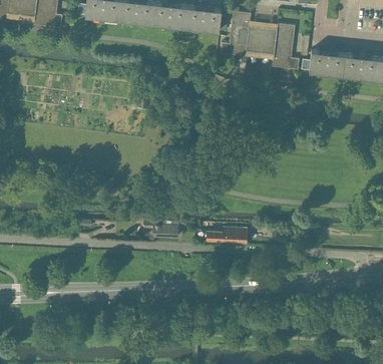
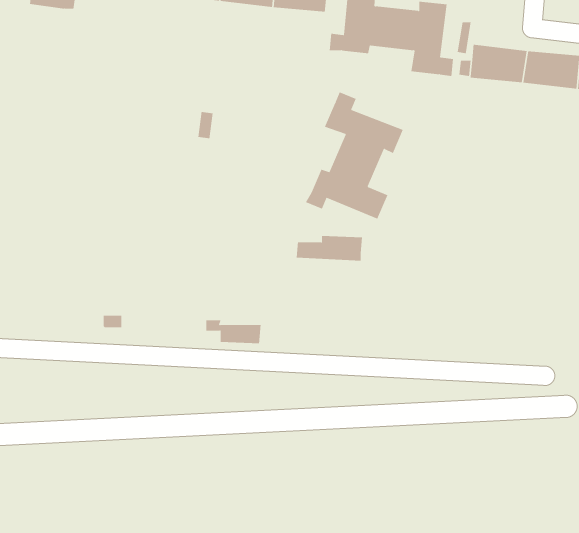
building: none -> [305,92,404,220]
building: [206,229,248,245] -> [296,236,363,261]

